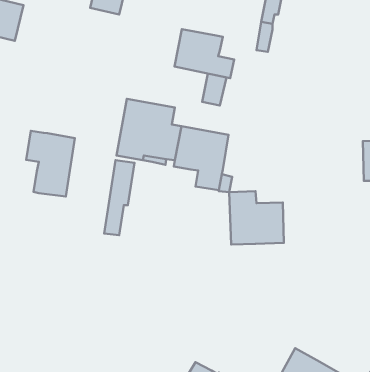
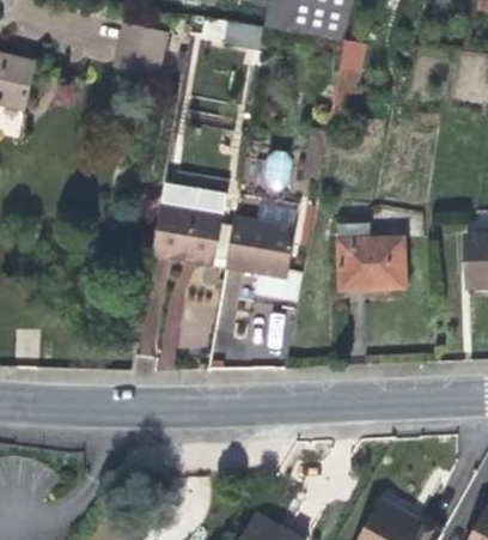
building: [174,29,234,78] -> none
building: [26,131,75,197] -> none
building: [229,191,284,245] -> [337,223,407,291]

